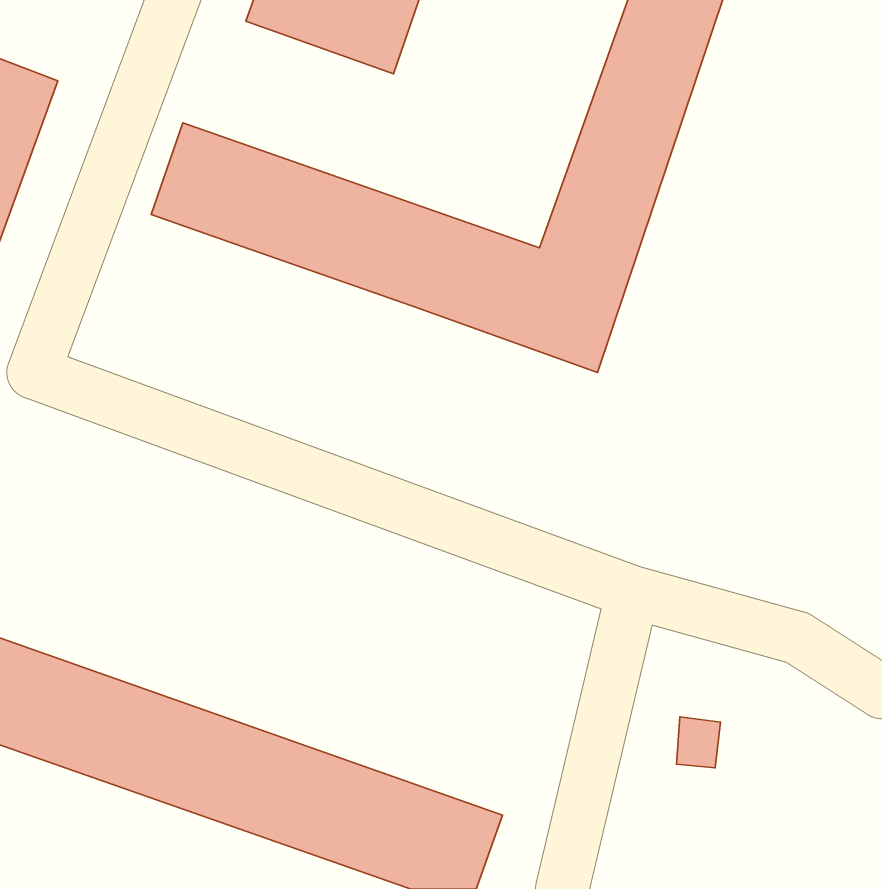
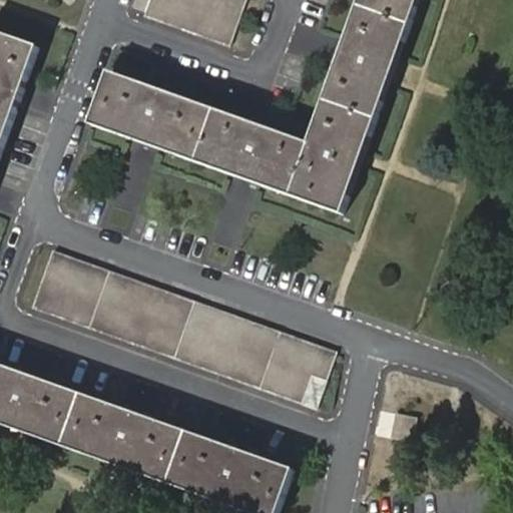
building: none -> [22,247,328,401]

